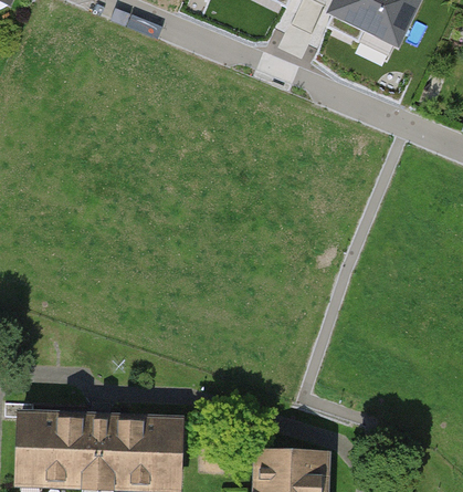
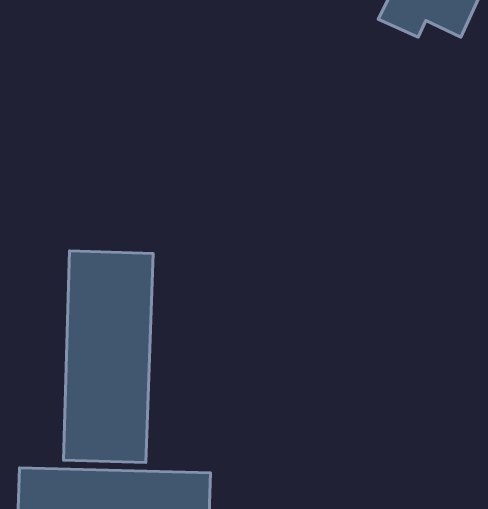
building: none -> [63,251,153,463]

